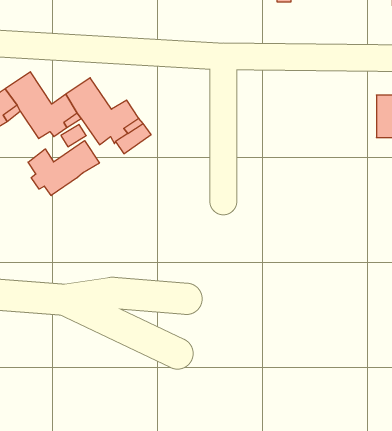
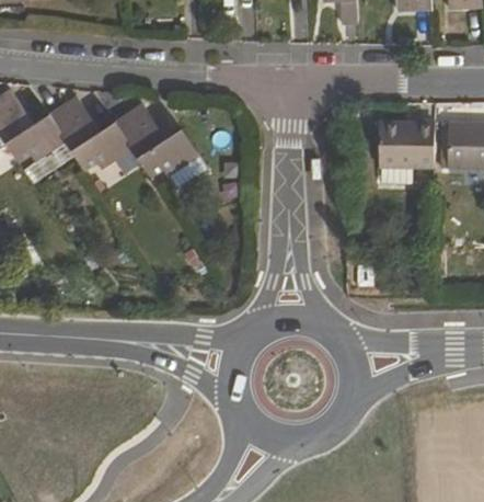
building: none -> [378,119,435,180]
building: [28,141,99,196] -> none

